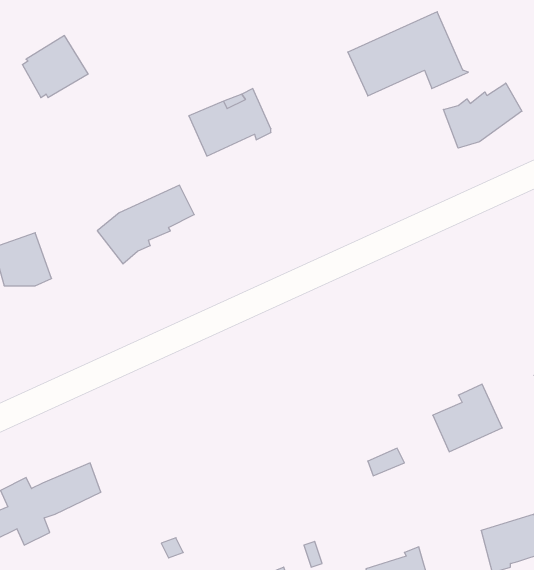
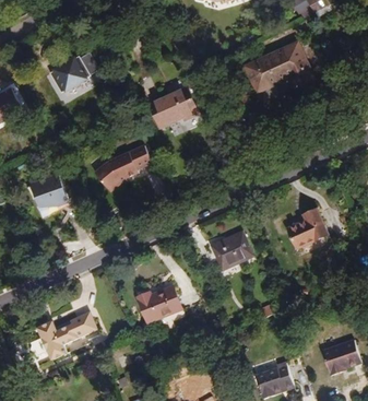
building: [443,83,522,148] -> none
building: none -> [210,229,253,271]
building: [433,384,502,452] -> [286,209,328,249]
building: none -> [136,285,181,322]

